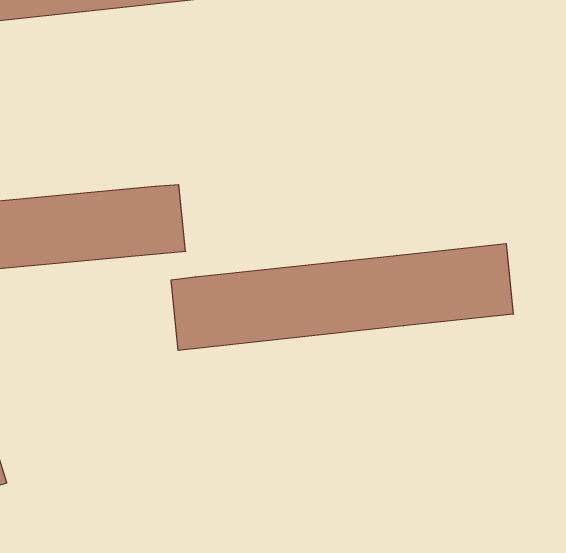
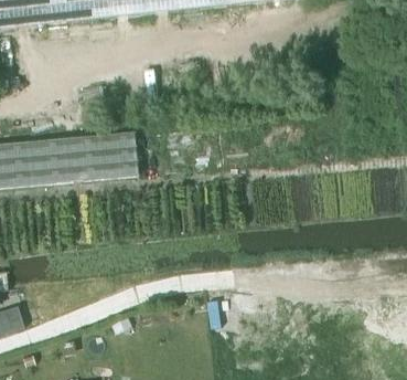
building: [171,244,513,350] -> none

